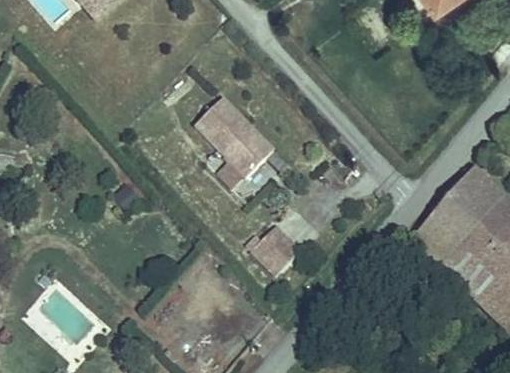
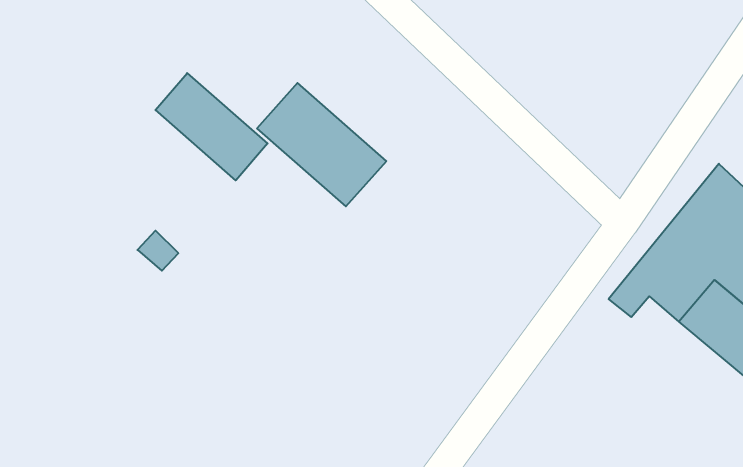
building: none -> [155,73,268,180]
building: [251,228,300,278] -> none

